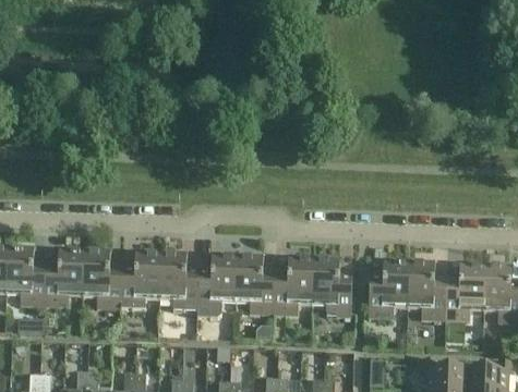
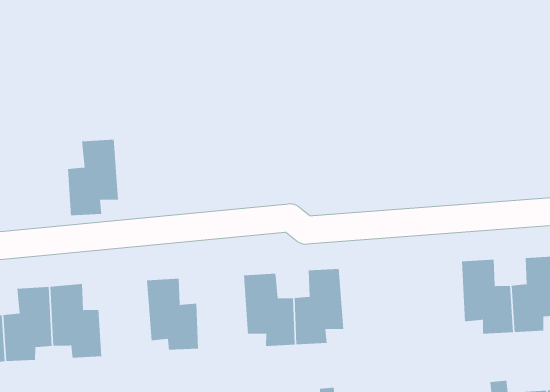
building: [119,248,159,307] -> [67,139,119,216]
building: [195,252,236,315] -> none
building: [311,255,350,314] -> none
building: [366,257,408,316] -> none

